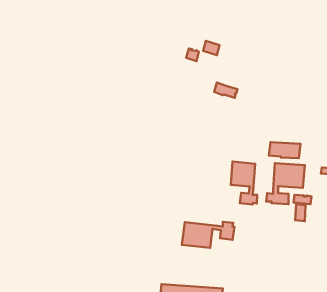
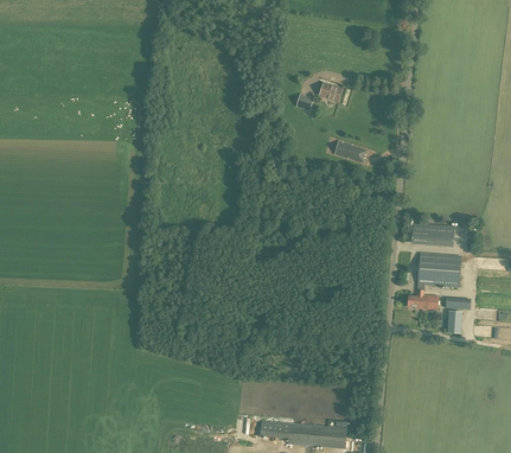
building: [231,161,257,205] -> none
building: [182,222,234,248] -> none

